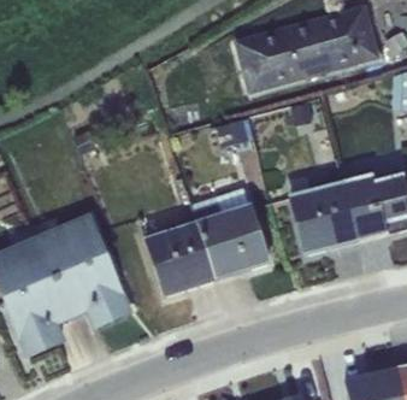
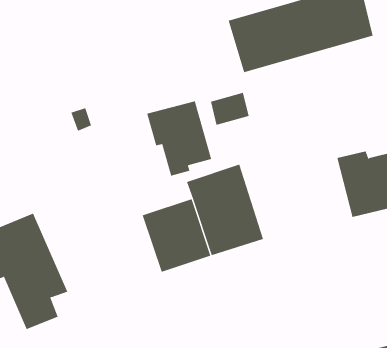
building: none -> [146,100,212,177]
building: [289,180,358,254] -> none
building: [36,213,129,325] -> none

